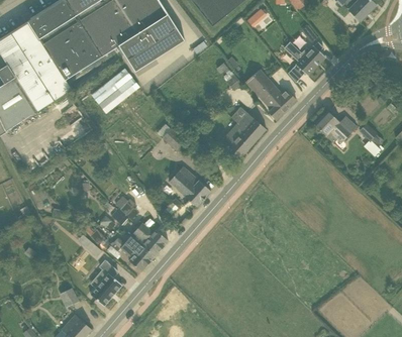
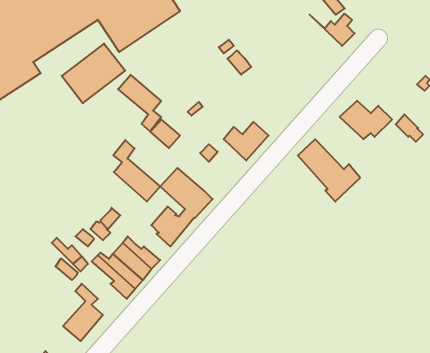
building: [283,41,315,77] -> none
building: [244,69,295,119] -> [298,139,360,202]
building: none -> [118,75,161,131]
building: [230,106,266,139] -> none
building: none -> [113,140,160,202]

